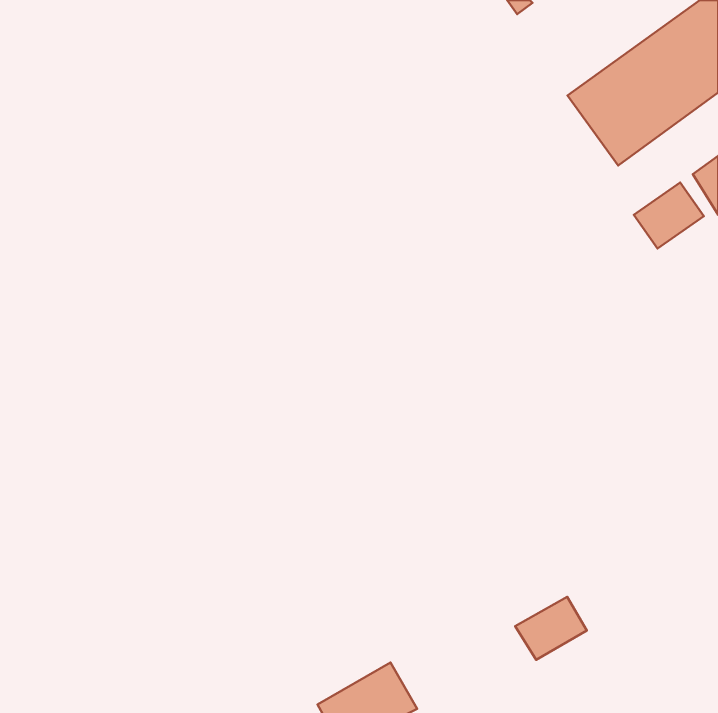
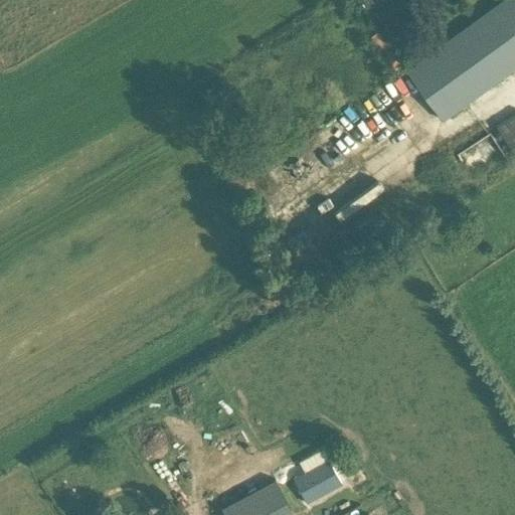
building: [515,597,587,660] -> [293,460,344,505]

